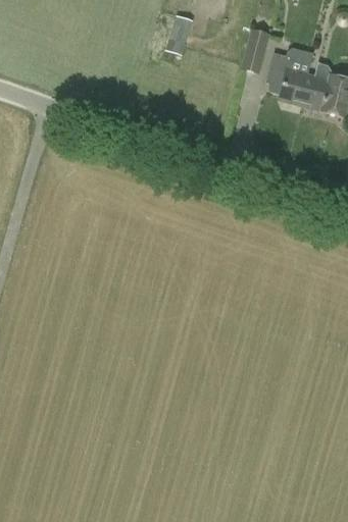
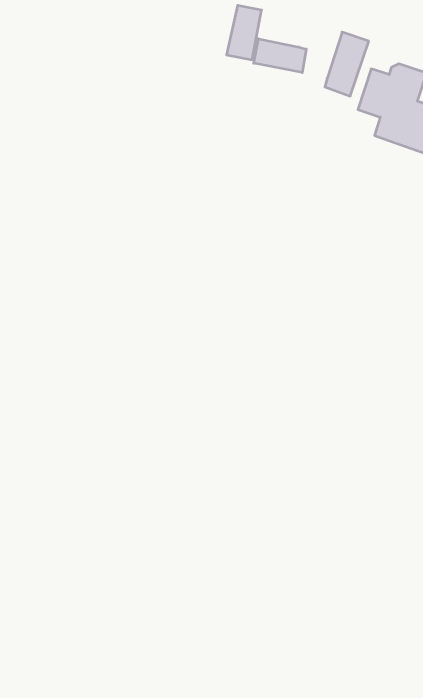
building: none -> [254,39,306,73]

